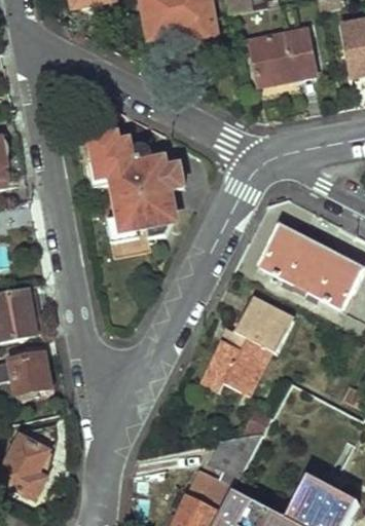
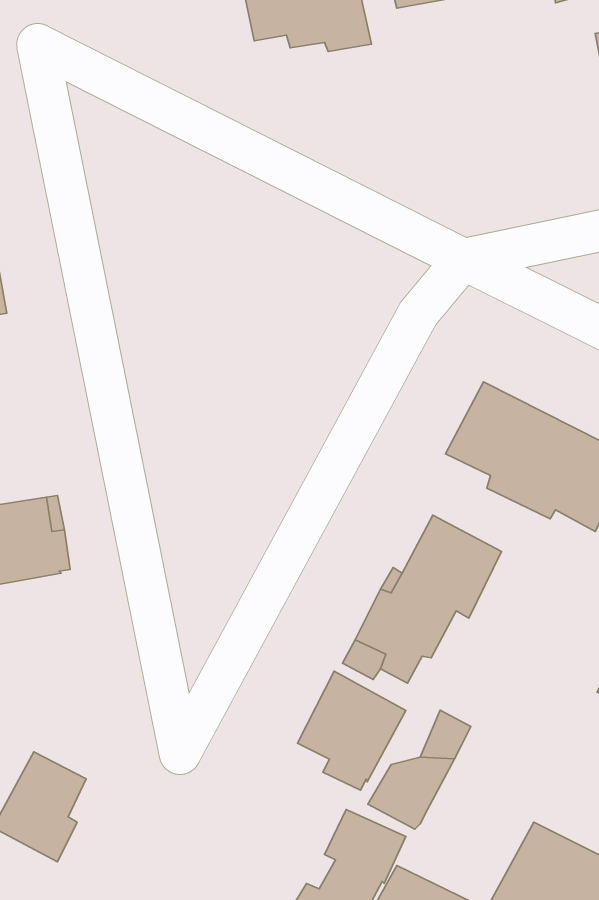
building: [251,29,317,81] -> none
building: [87,125,181,234] -> none
building: [10,352,51,391] -> none
building: none -> [297,671,406,790]

